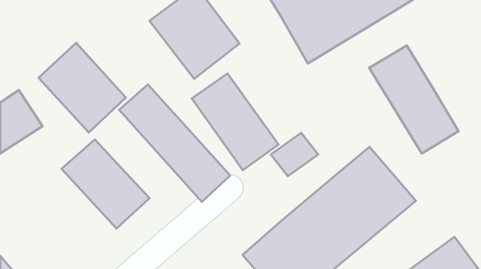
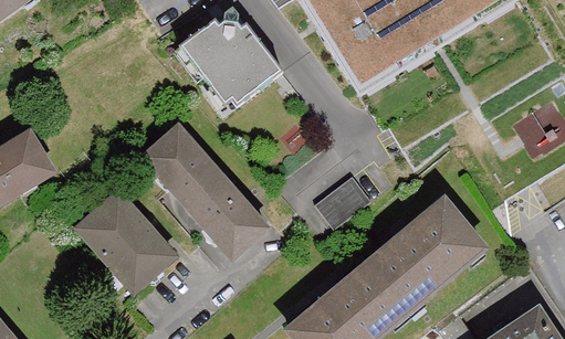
building: [39,43,126,132] -> none
building: [369,45,459,154] -> none
building: [192,74,278,170] -> none

